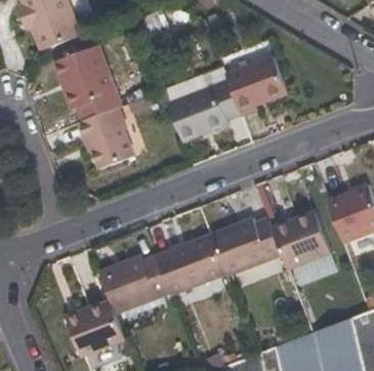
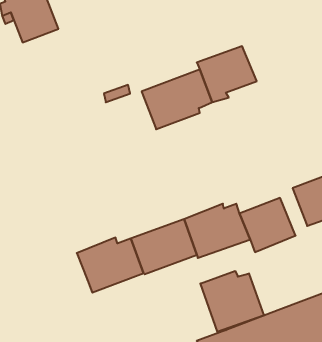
building: [54,42,115,108] -> none
building: [79,106,132,168] -> none
building: none -> [200,271,264,332]
building: [63,300,125,358] -> none

